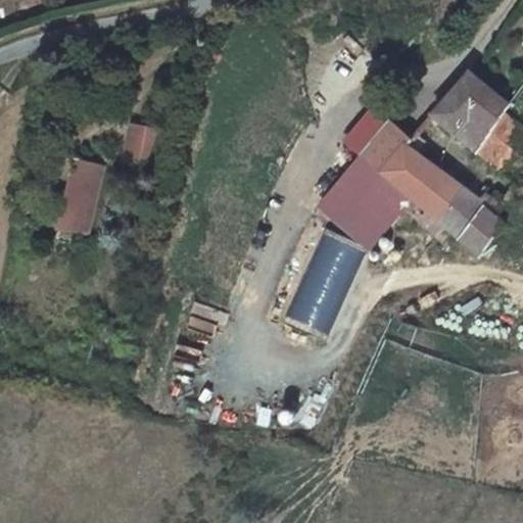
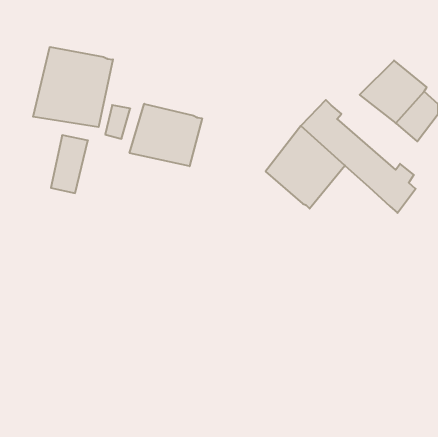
building: none -> [33,47,113,127]
building: none -> [130,104,202,166]
building: [291,226,363,323] -> none

